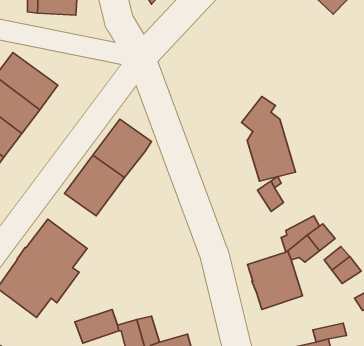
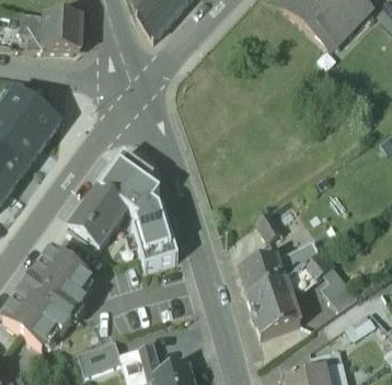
building: [242,97,296,181] -> [127,181,180,263]
building: none -> [238,253,284,291]

